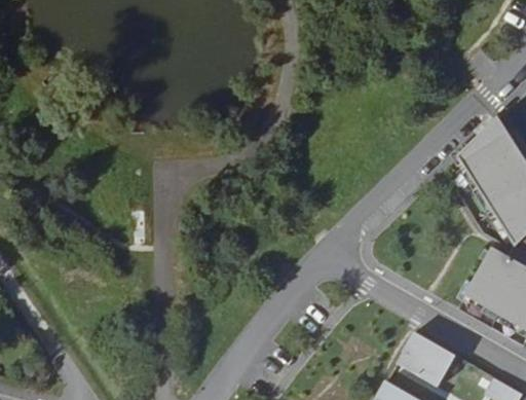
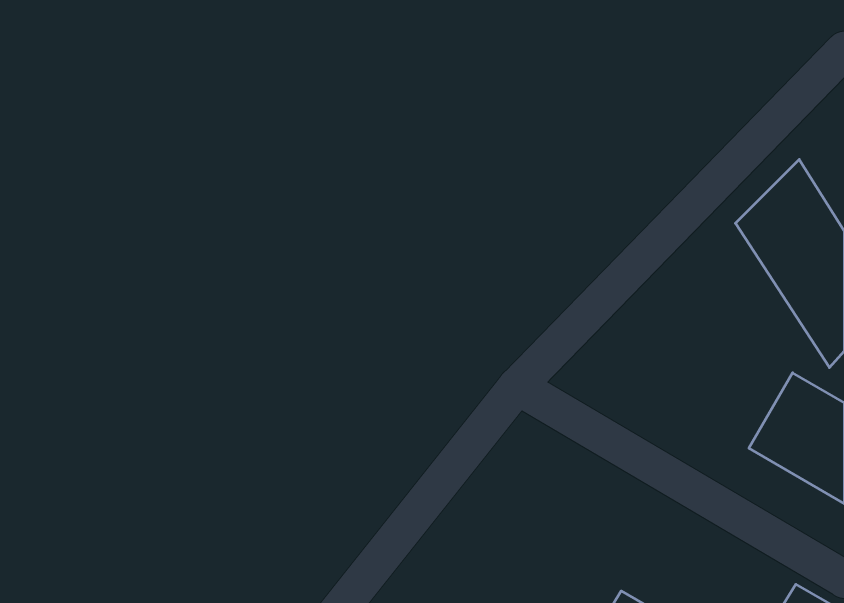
building: [399,331,455,385] -> none

